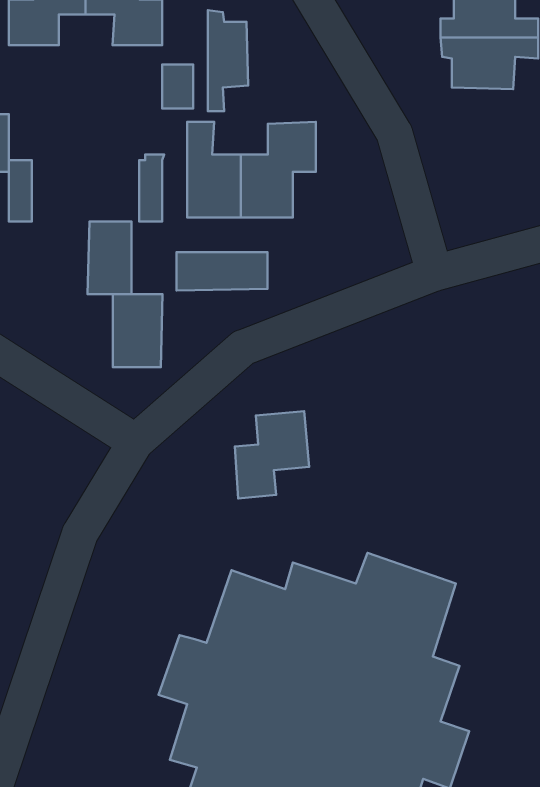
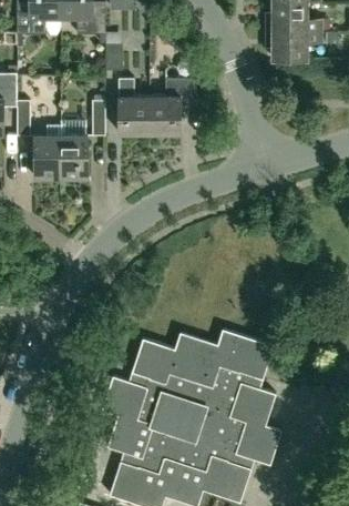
building: [208,10,248,111] -> none
building: [176,252,267,291] -> none
building: [113,294,163,367] -> [33,135,62,178]
building: [235,411,309,498] -> none

